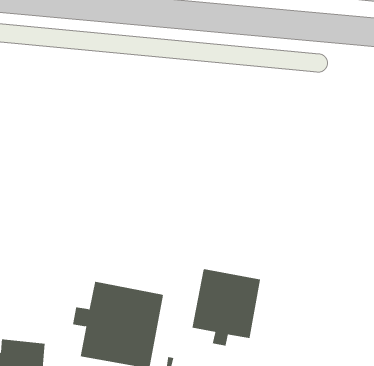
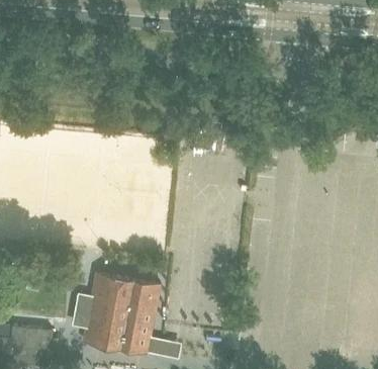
building: [192,268,262,346] -> none

